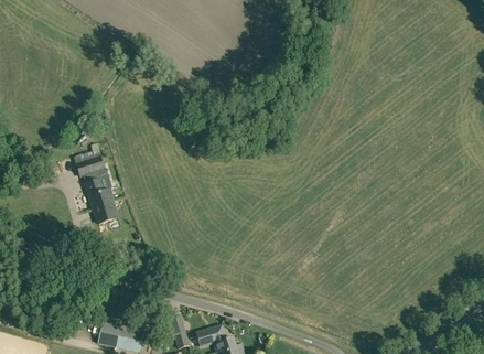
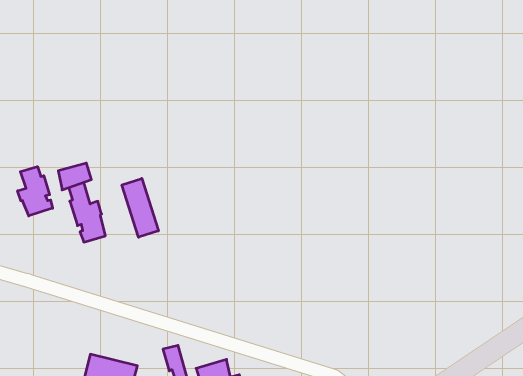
building: none -> [18,167,53,216]
building: none -> [122,178,158,237]

